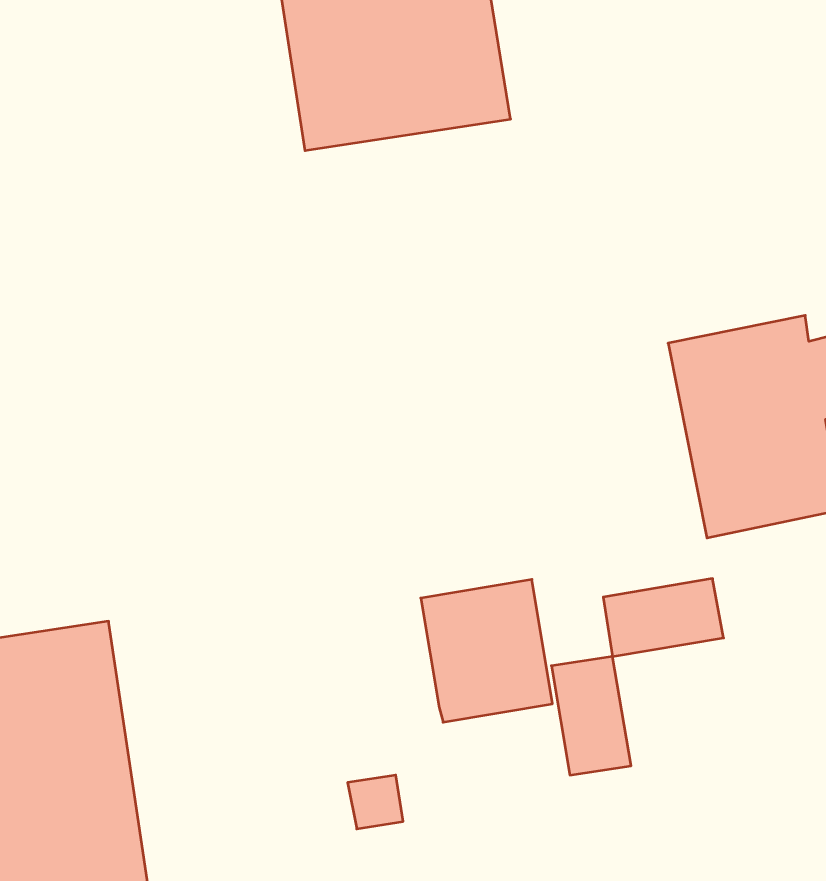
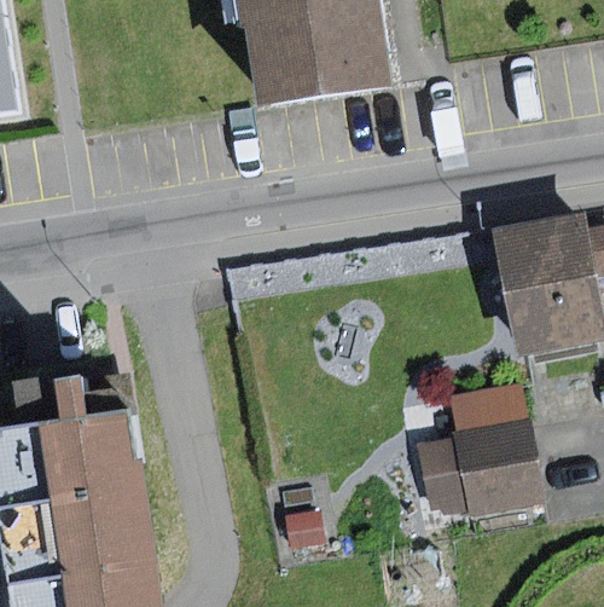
building: [421,579,552,722] -> [458,422,544,515]

